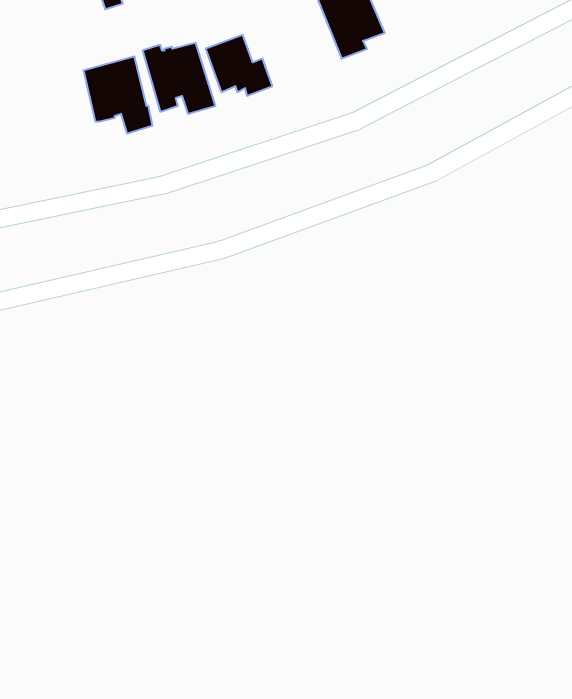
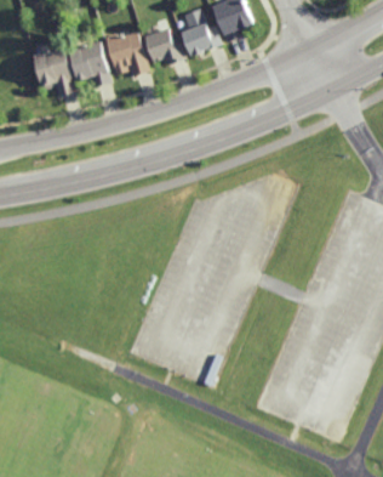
building: none -> [179,21,221,55]
building: none -> [32,46,74,97]

